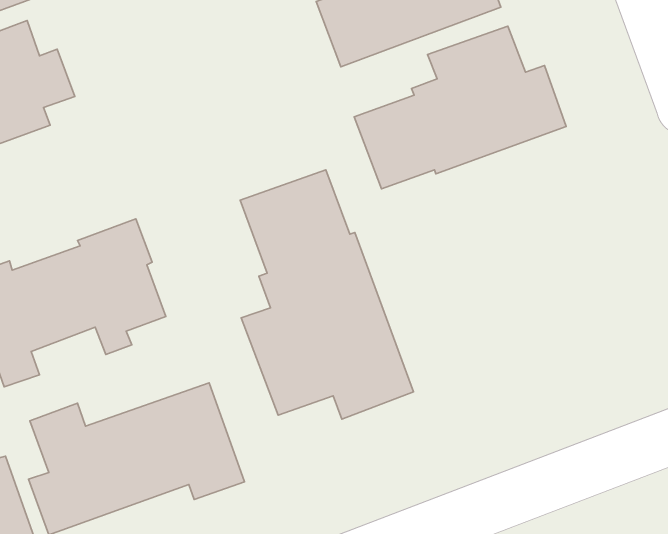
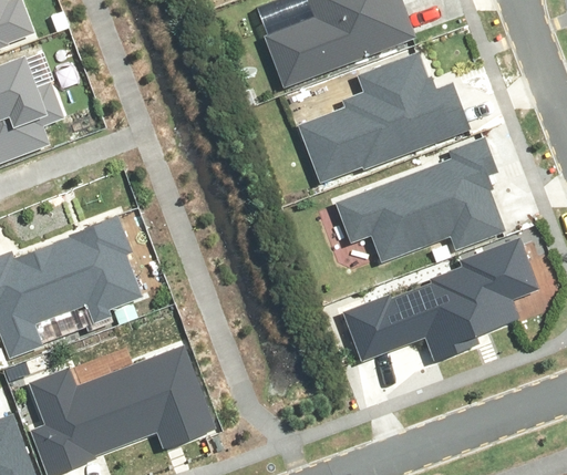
building: none -> [338,141,504,261]
building: [240,170,414,419] -> none
building: none -> [346,239,537,361]

